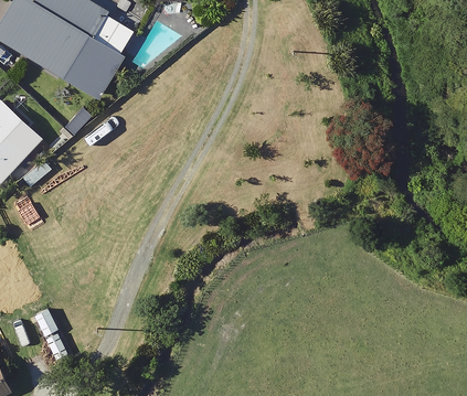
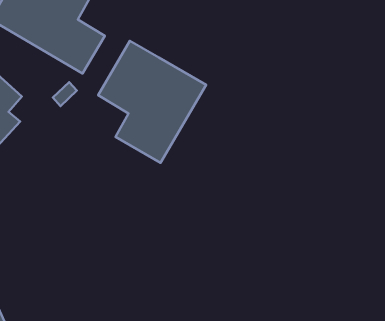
building: none -> [98,41,206,163]

